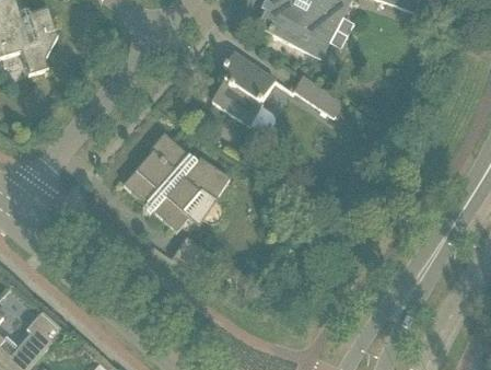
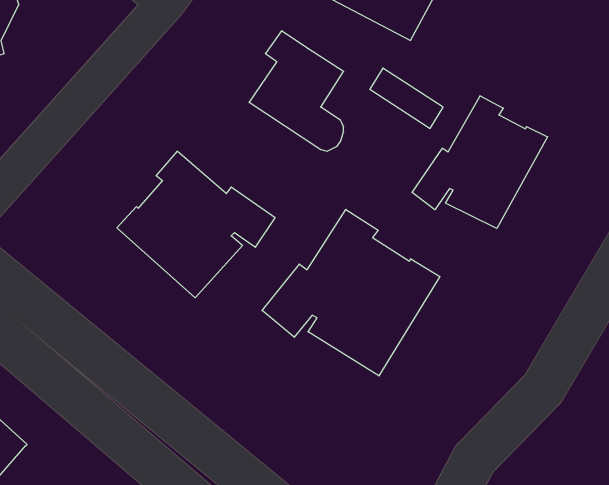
building: none -> [412,96,548,228]
building: none -> [262,209,440,376]

